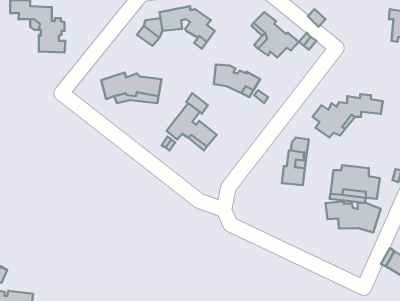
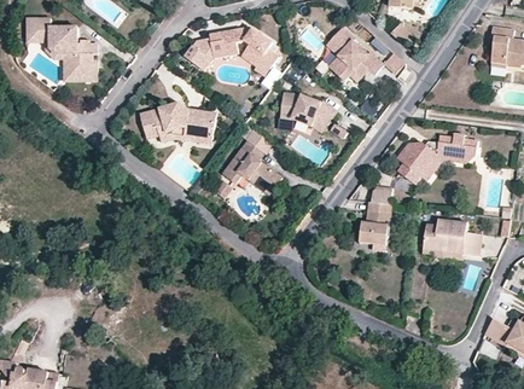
building: [326,201,381,232] -> none

